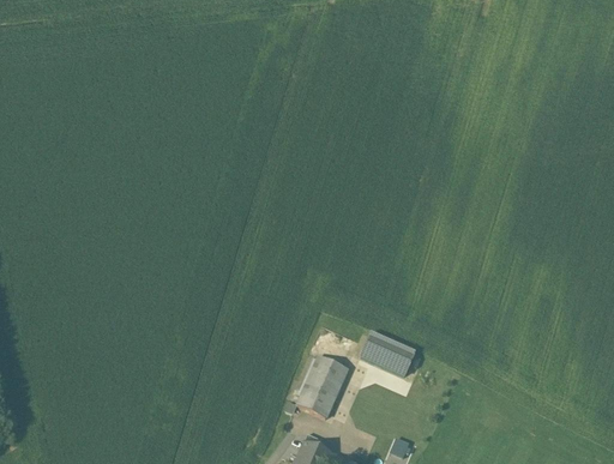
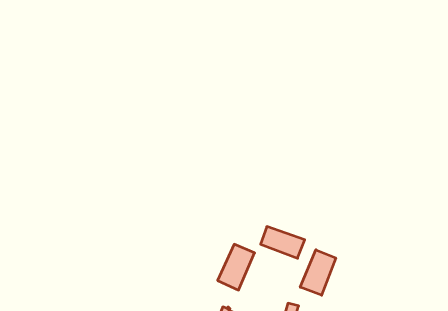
building: none -> [300,250,336,295]

